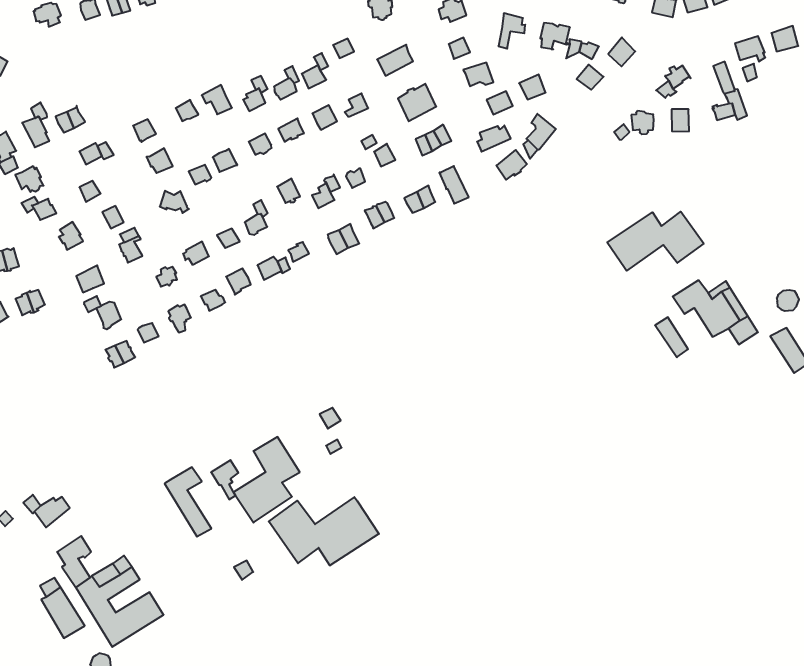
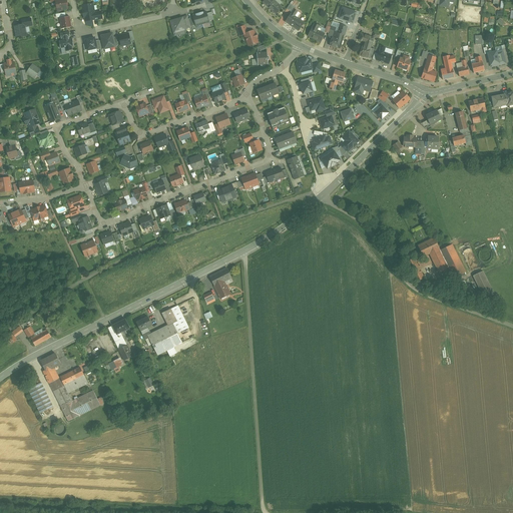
building: [607,212,704,271] -> none
building: none -> [208,268,230,298]
building: [269,497,379,566] -> none

